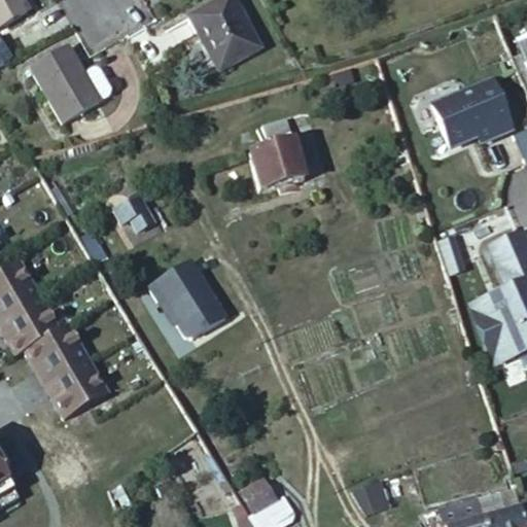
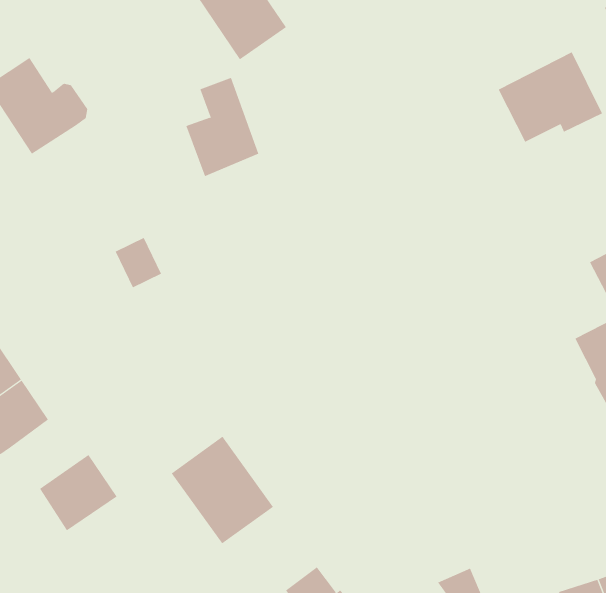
building: [246,118,302,195] -> [186,77,259,177]
building: [150,257,229,342] -> [171,436,274,544]
building: [25,327,85,385] -> none

